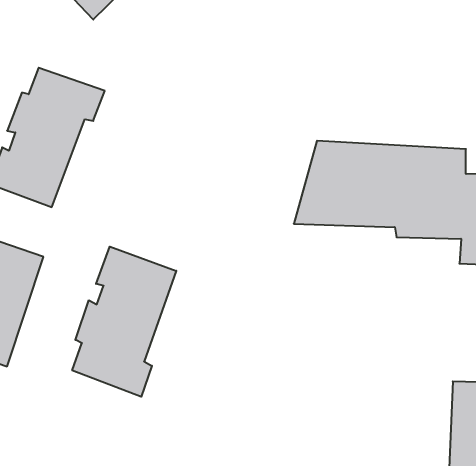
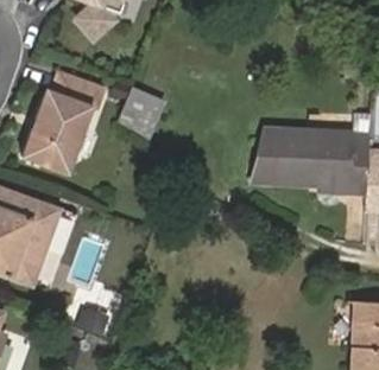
building: none -> [119,88,166,146]
building: [72,247,176,397] -> none

